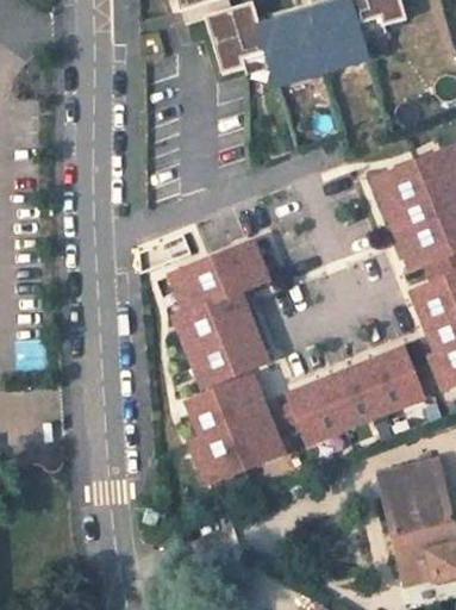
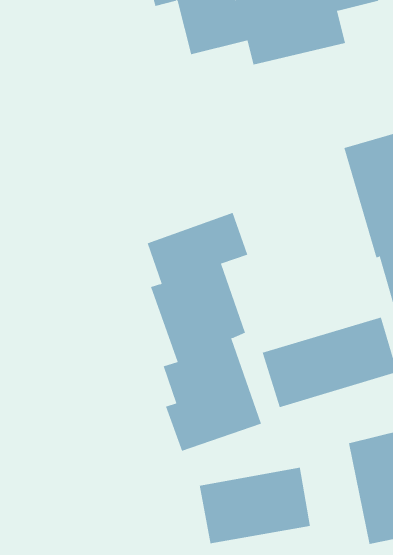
building: none -> [199,467,310,544]

